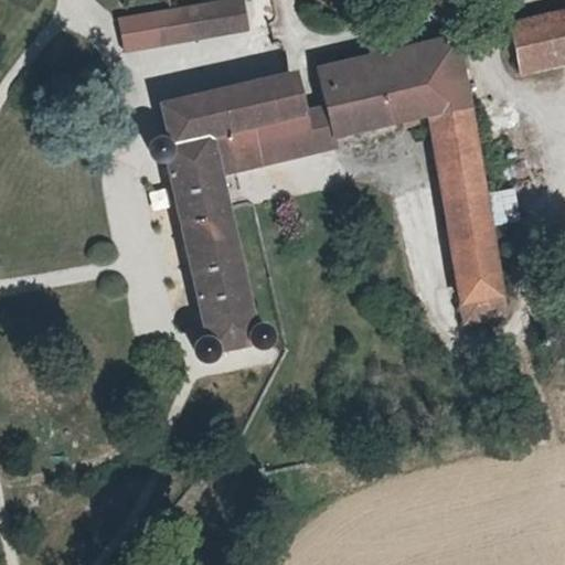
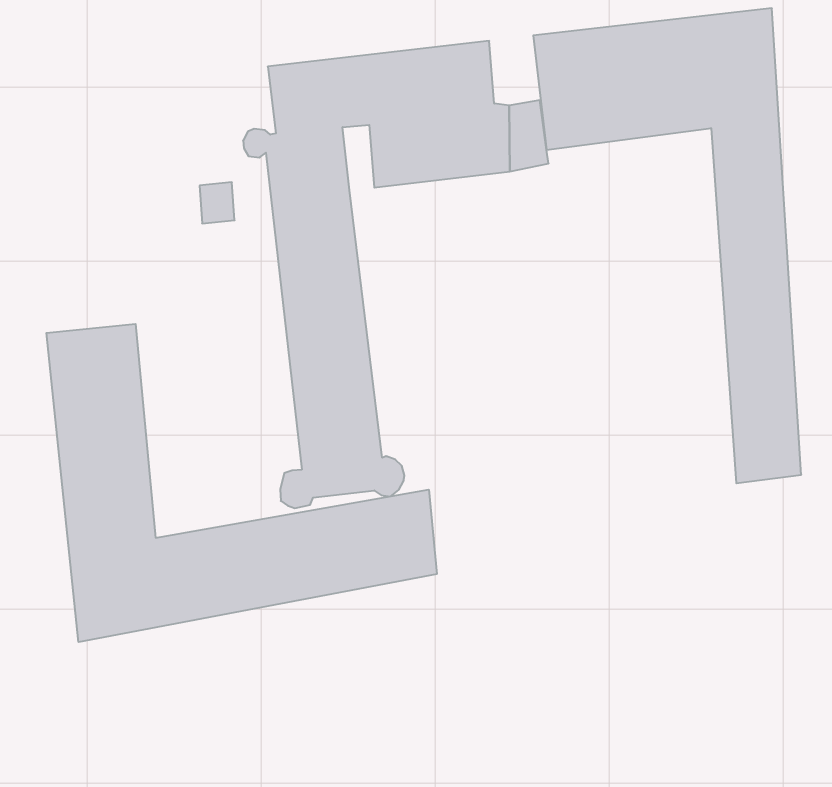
building: none -> [46,324,437,642]

